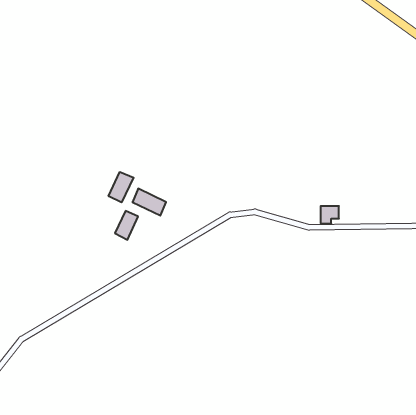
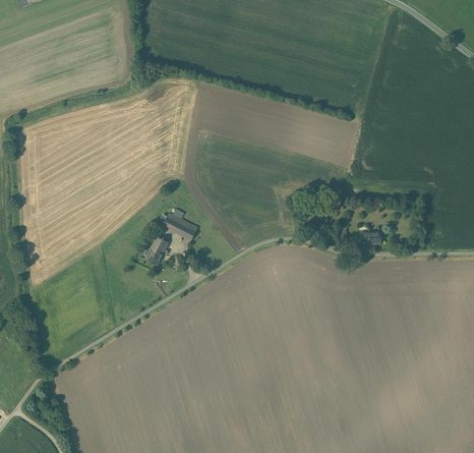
building: [109,172,134,202] -> none

